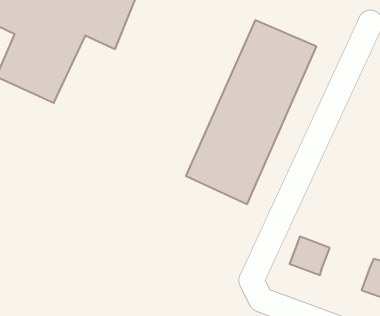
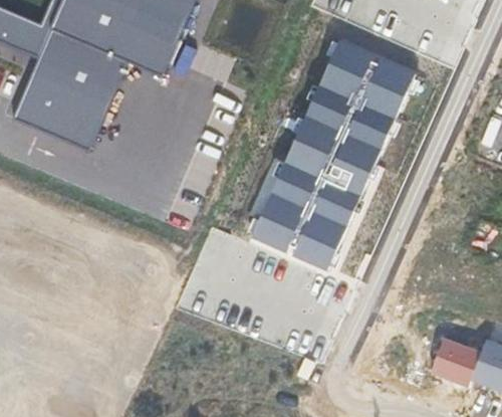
building: [289,237,330,275] -> [430,337,480,385]

